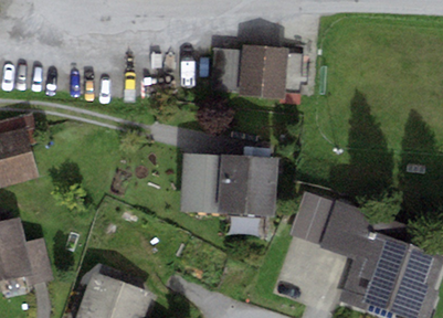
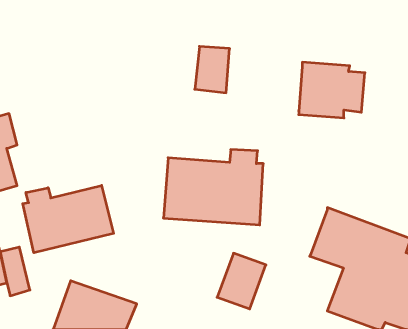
building: [240,45,303,98] -> [299,62,365,118]
building: none -> [23,185,114,253]
building: [289,192,336,245] -> [217,253,266,309]

